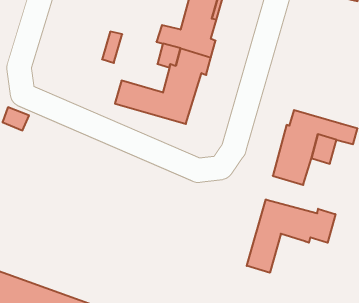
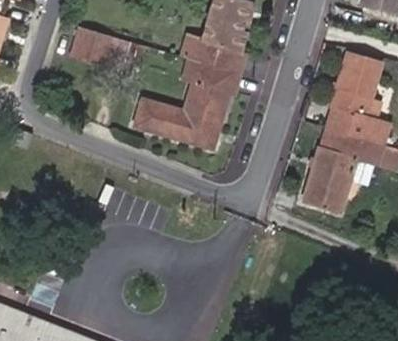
building: none -> [72,29,109,66]
building: none -> [326,46,383,146]
building: [247,199,335,273] -> none

